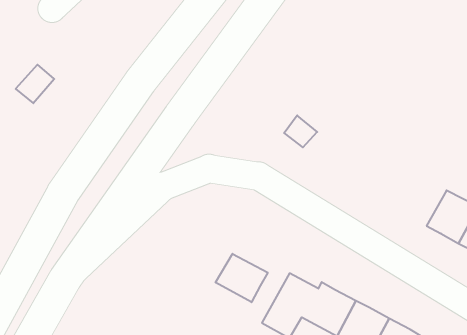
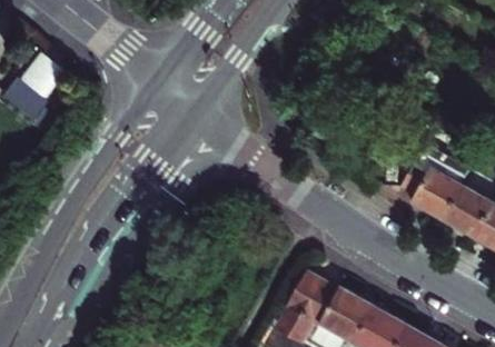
building: none -> [399,169,462,229]
building: [216,254,268,302] -> none

